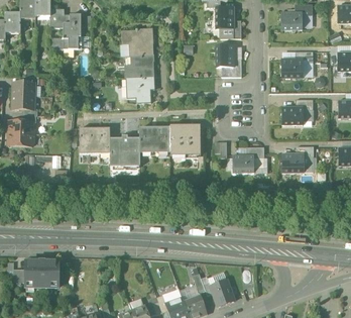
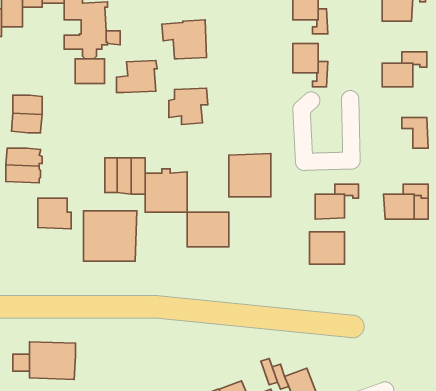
building: [125,55,154,78] -> [117,61,157,93]
building: none -> [75,59,105,83]
building: [281,106,303,123] -> none
building: [139,127,169,152] -> [187,212,229,247]
building: none -> [83,211,137,261]
building: none -> [309,232,345,264]

